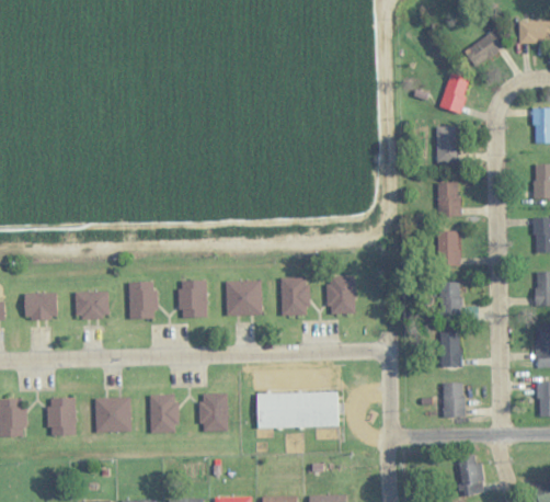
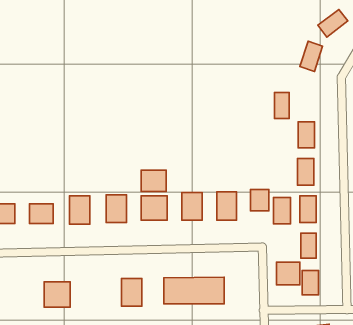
building: [437,127,457,162] -> [275,93,289,119]
building: none -> [141,170,166,192]
building: none -> [250,189,269,211]
building: none -> [273,198,290,224]
building: none -> [276,262,300,285]
building: [149,395,177,432] -> none
building: [47,398,76,435] -> none

